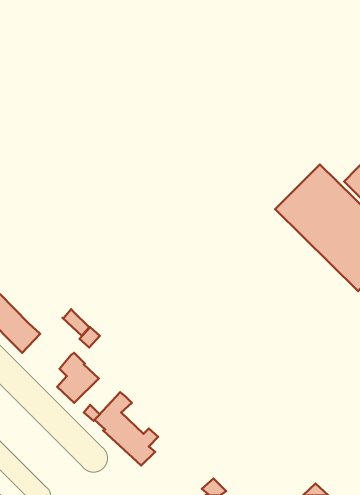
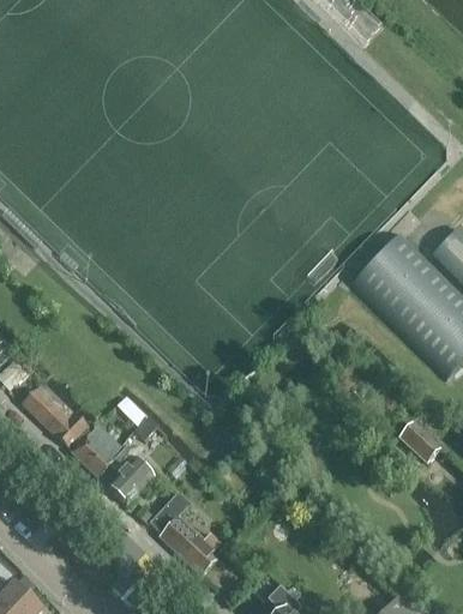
building: none -> [398,421,440,462]
building: none -> [72,425,122,476]

